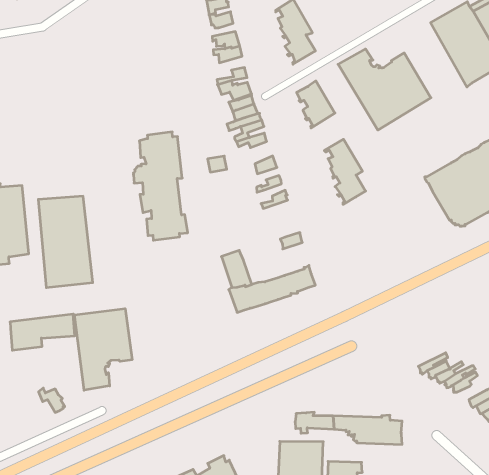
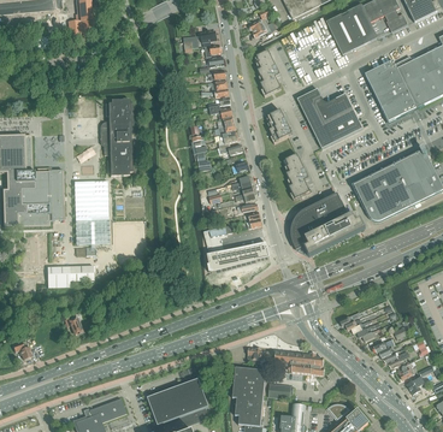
building: [133,132,188,240] -> [99,99,135,176]
building: none -> [290,193,364,256]
building: [75,309,132,390] -> none

